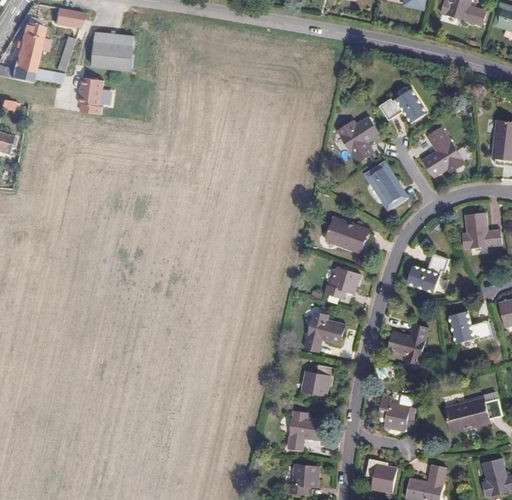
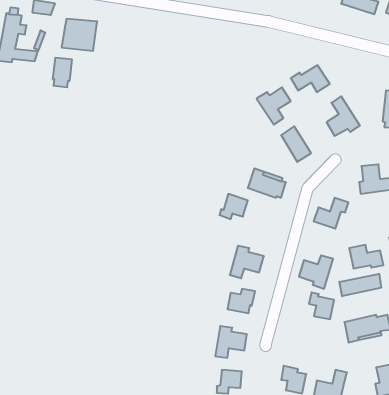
building: [324,266,359,297] -> [219,194,248,219]
building: none -> [339,274,381,296]
building: [378,396,409,429] -> [309,292,334,319]

